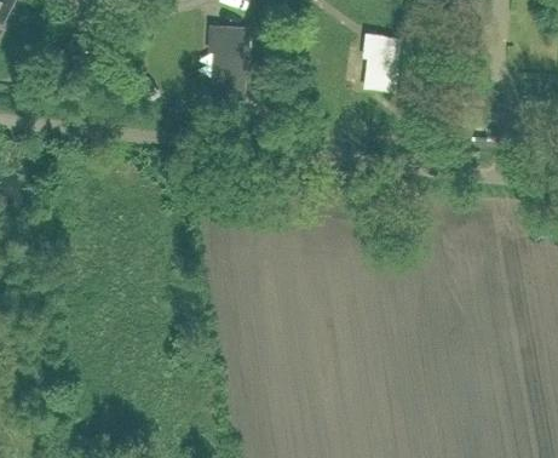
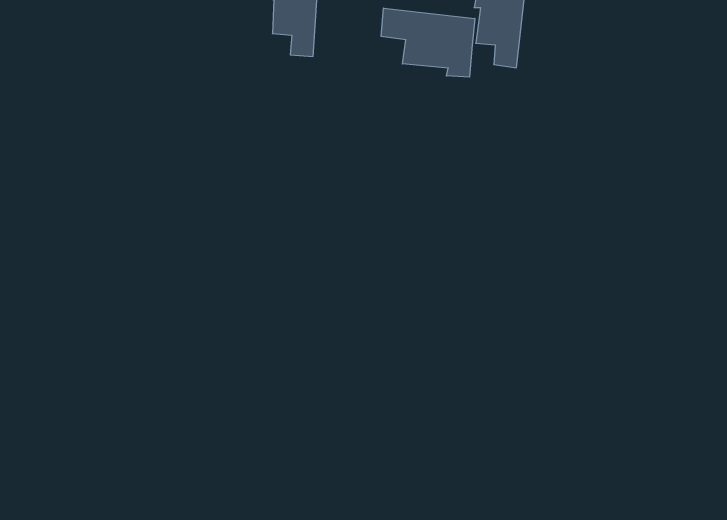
building: none -> [381,8,475,77]

